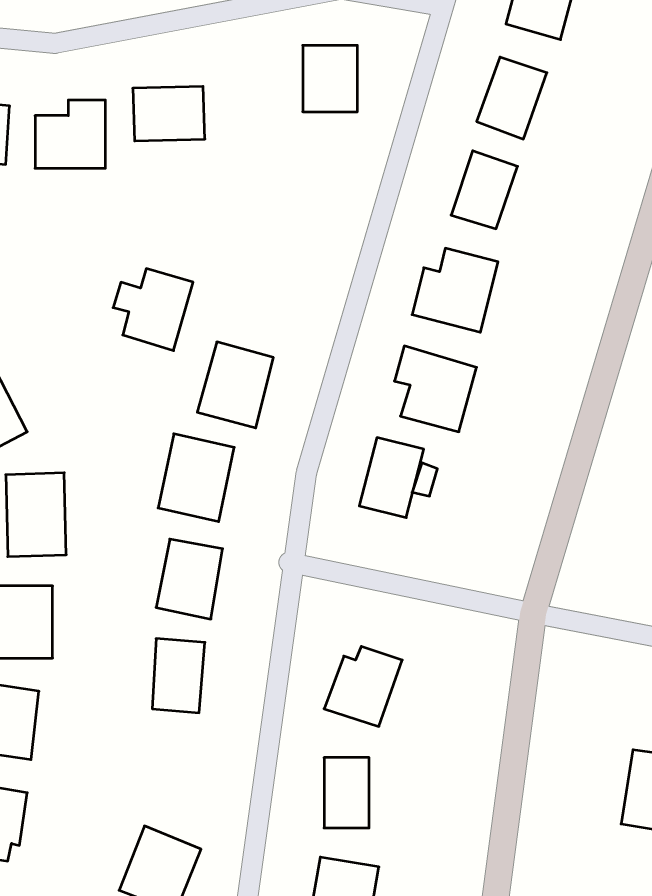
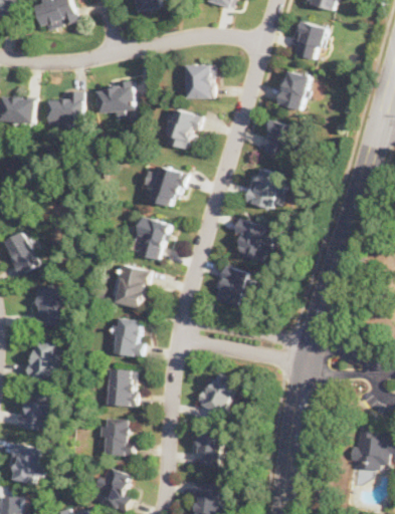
building: none -> [165,110,202,150]
building: [113,269,193,351] -> [143,167,184,209]
building: none -> [104,420,131,458]

